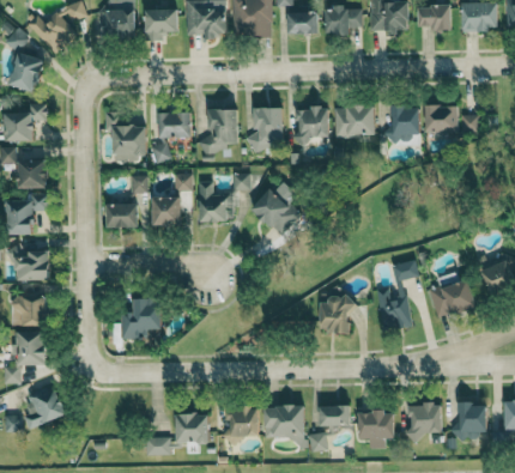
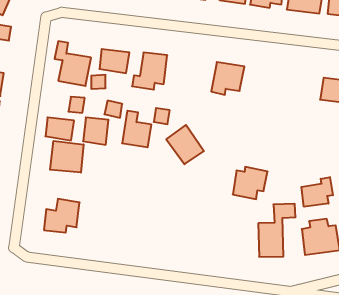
building: [333,105,375,138] -> none
building: [390,105,419,145] -> none
building: [248,108,283,152] -> none
building: none -> [301,177,333,207]
building: none -> [50,141,84,173]
building: [320,297,357,333] -> [233,167,268,199]

